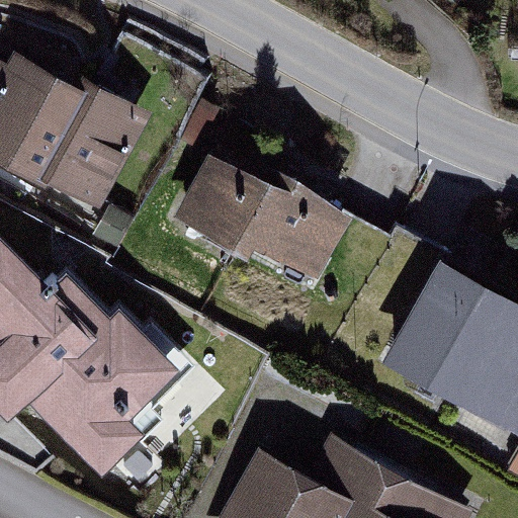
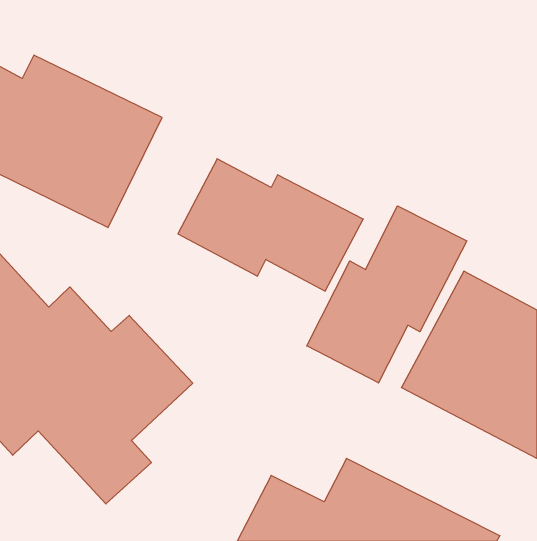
building: none -> [307,206,467,383]

